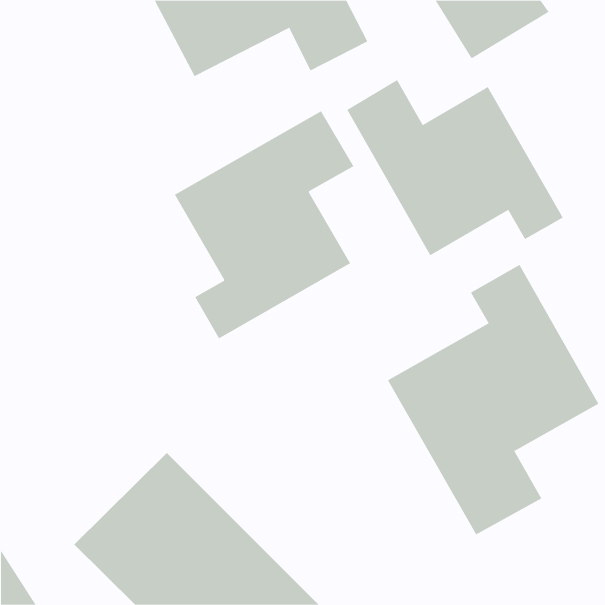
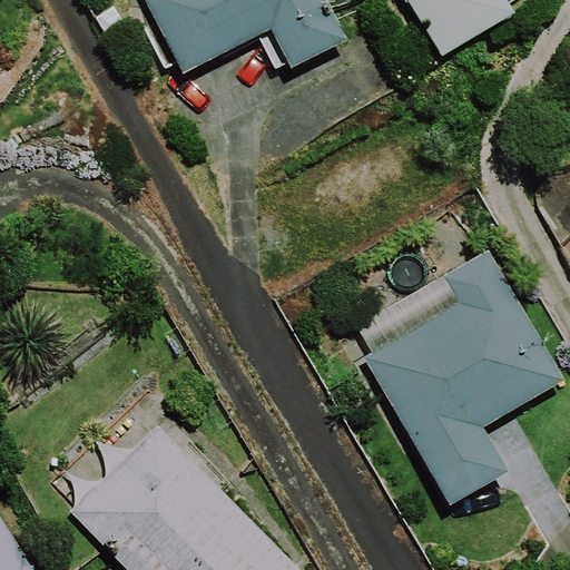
building: [346,79,564,256] -> none
building: [174,111,354,339] -> none

